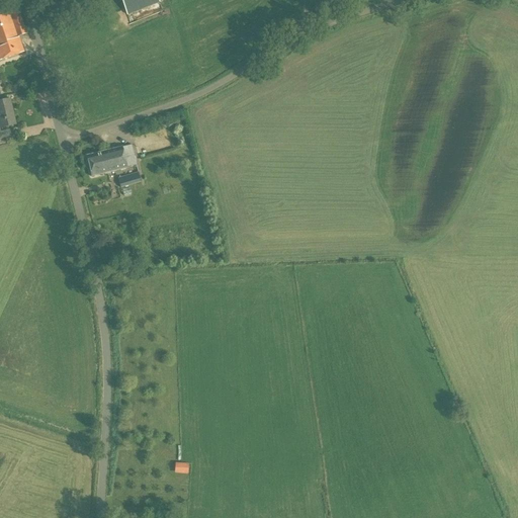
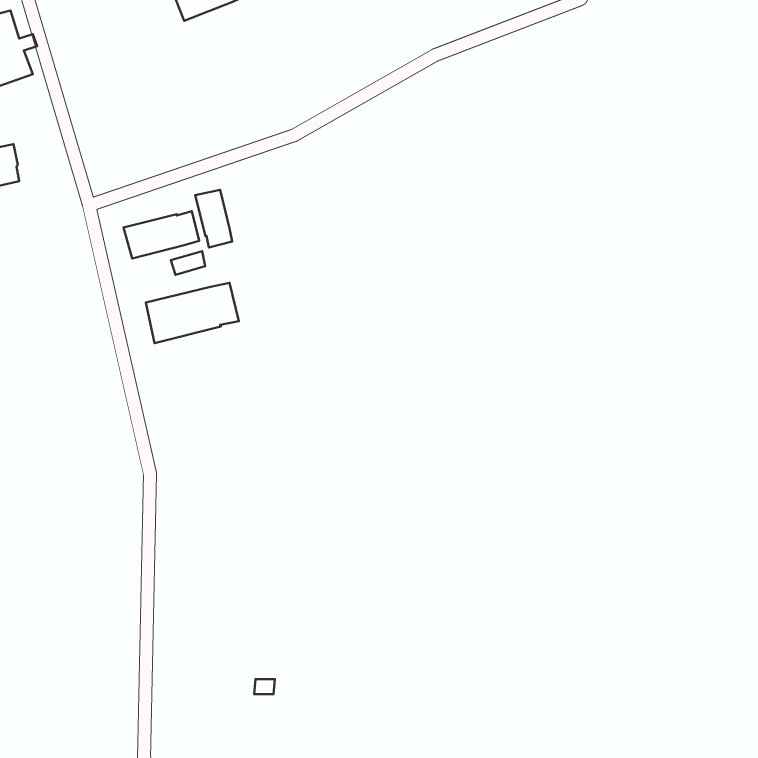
building: none -> [195,190,232,247]
building: none -> [146,283,239,343]

